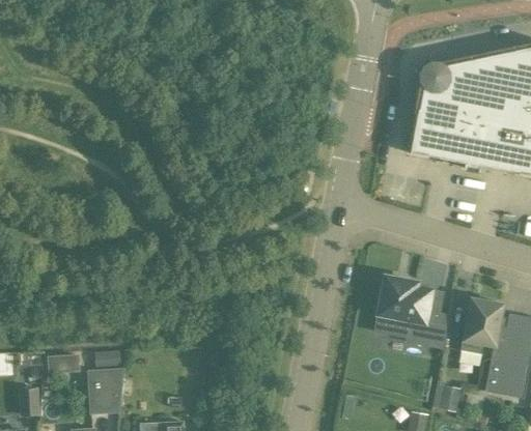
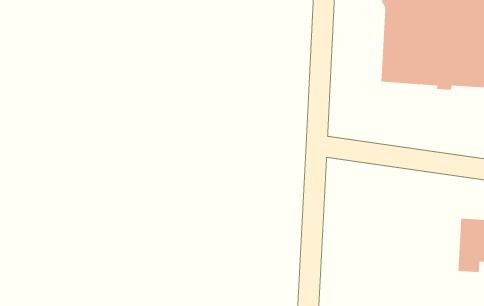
building: [374,276,449,337] -> none

